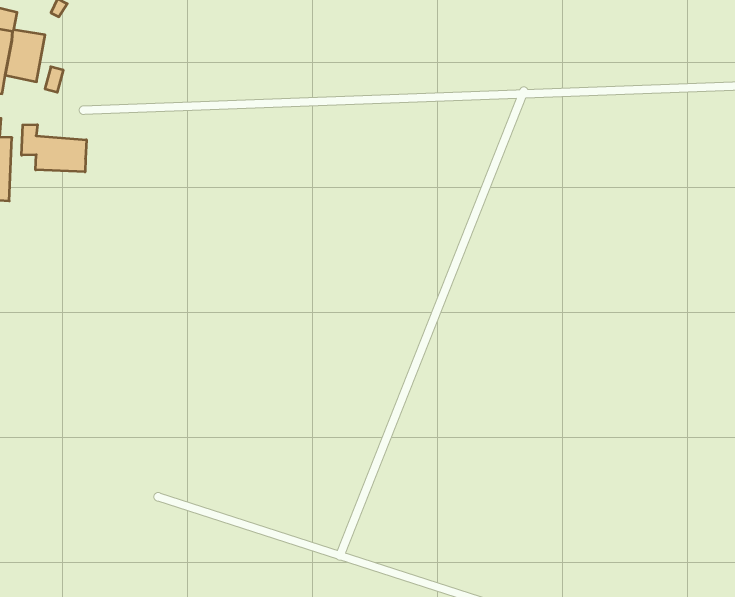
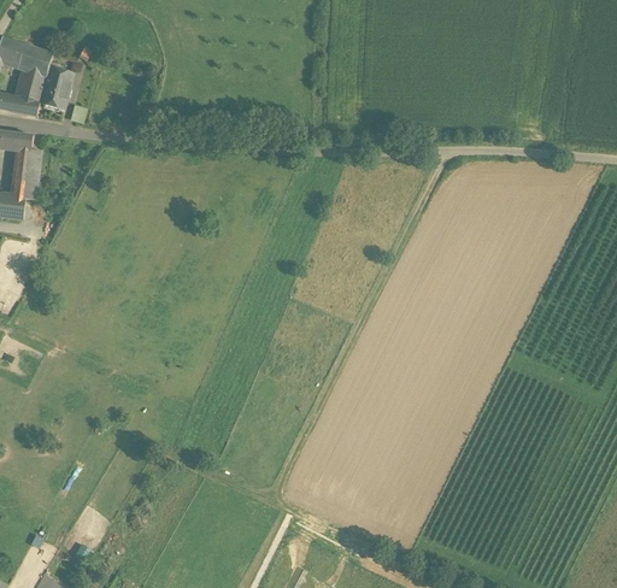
building: [22,125,86,172] -> none

